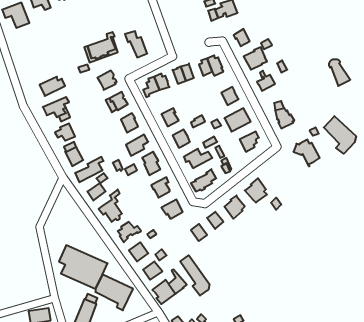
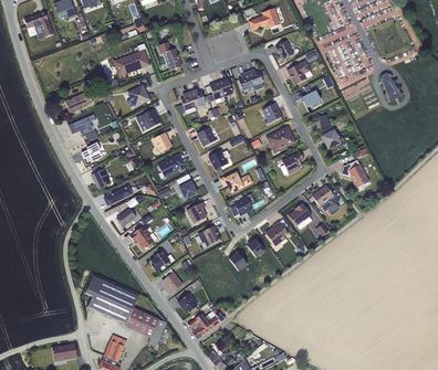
building: [324,116,356,154] -> none
building: none -> [312,184,340,215]
building: [180,255,209,296] -> none

